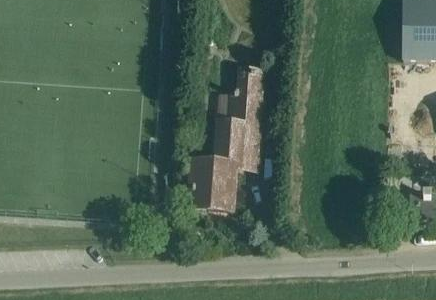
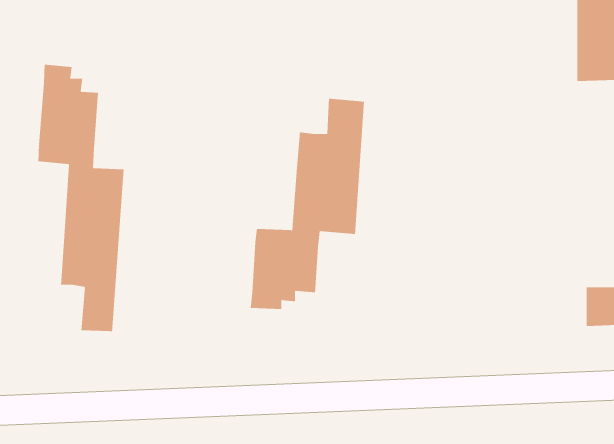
building: none -> [38,64,124,332]

